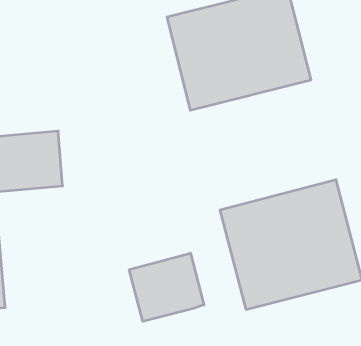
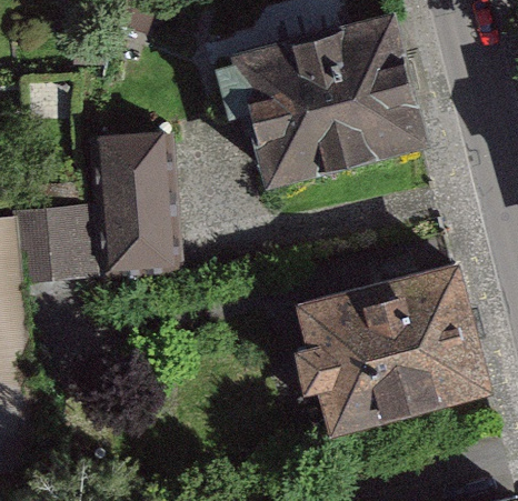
building: none -> [89,134,175,272]
building: [129,253,204,321] -> none

